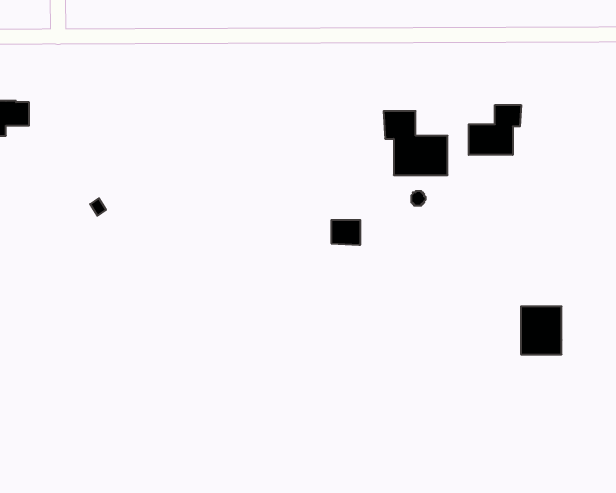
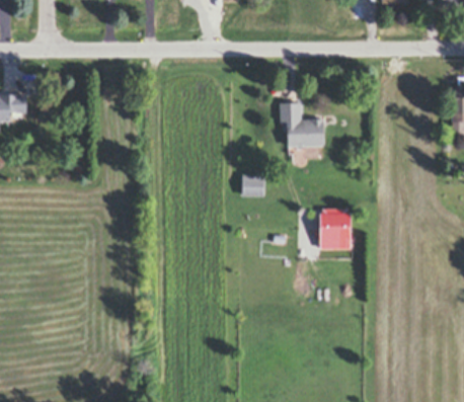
building: [469,105,521,155] -> none
building: [521,306,562,354] -> [320,212,349,245]

